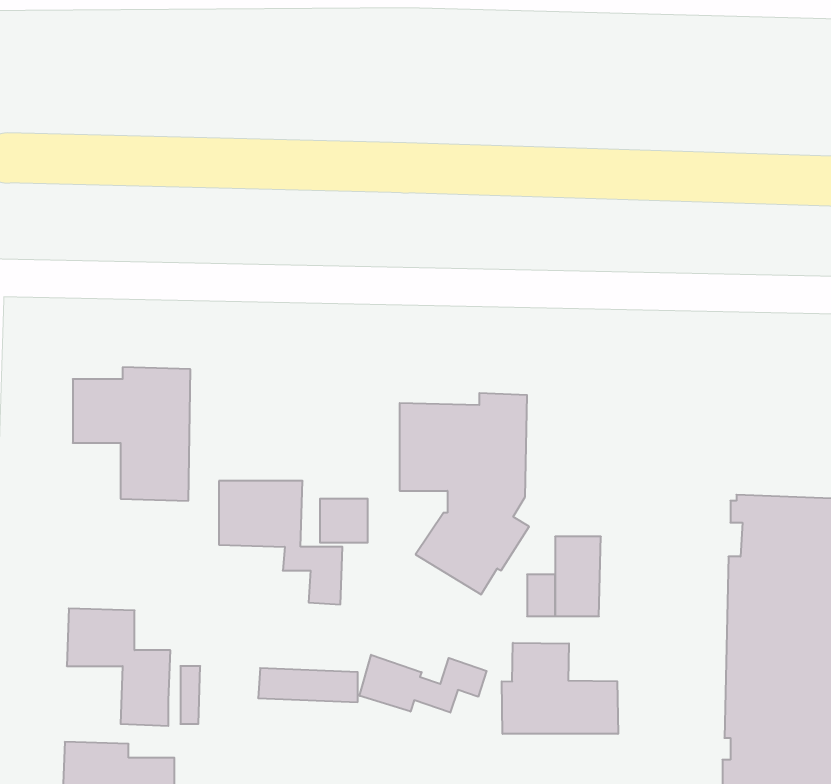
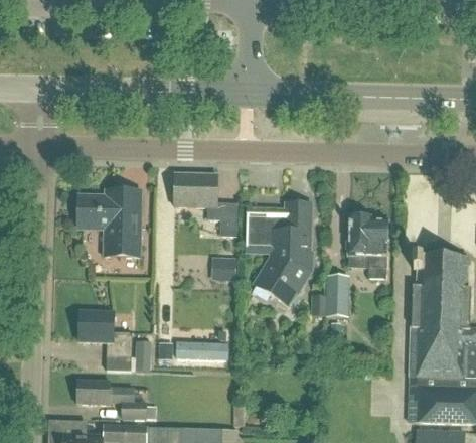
building: none -> [348,214,388,278]
building: [219,481,342,604] -> [175,173,237,236]
building: [502,643,618,734] -> none
building: [360,655,487,713] -> none

